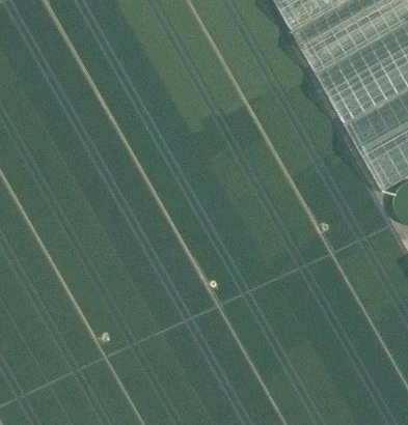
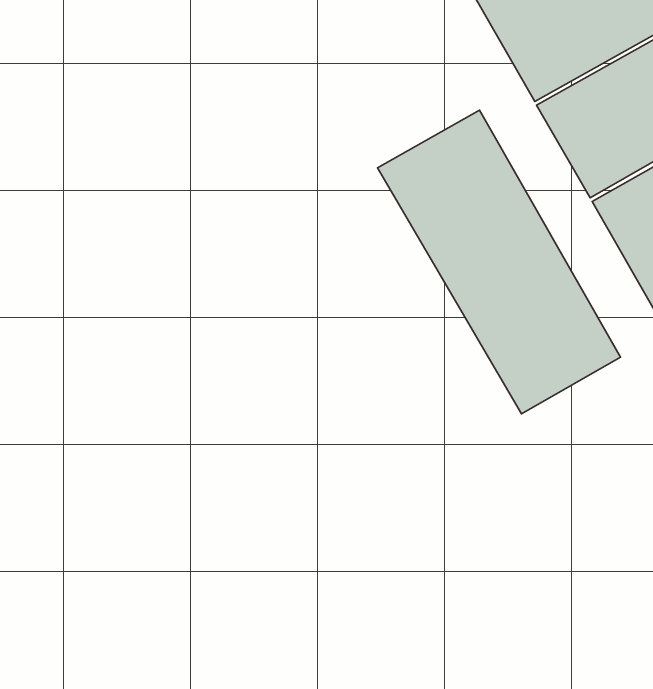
building: none -> [378,110,621,414]

